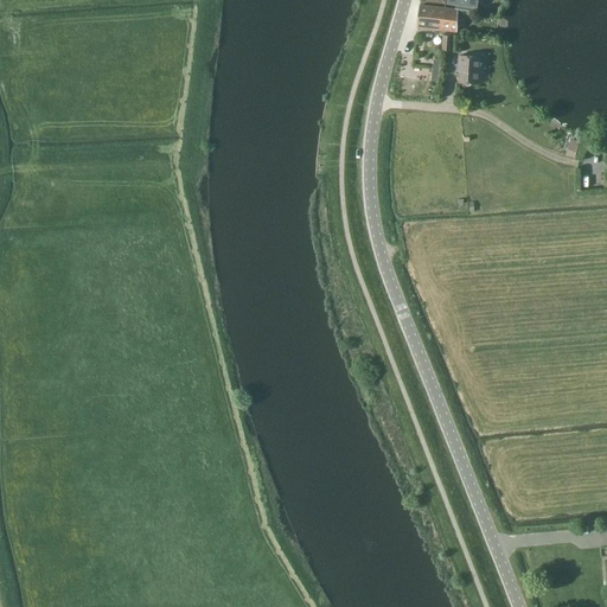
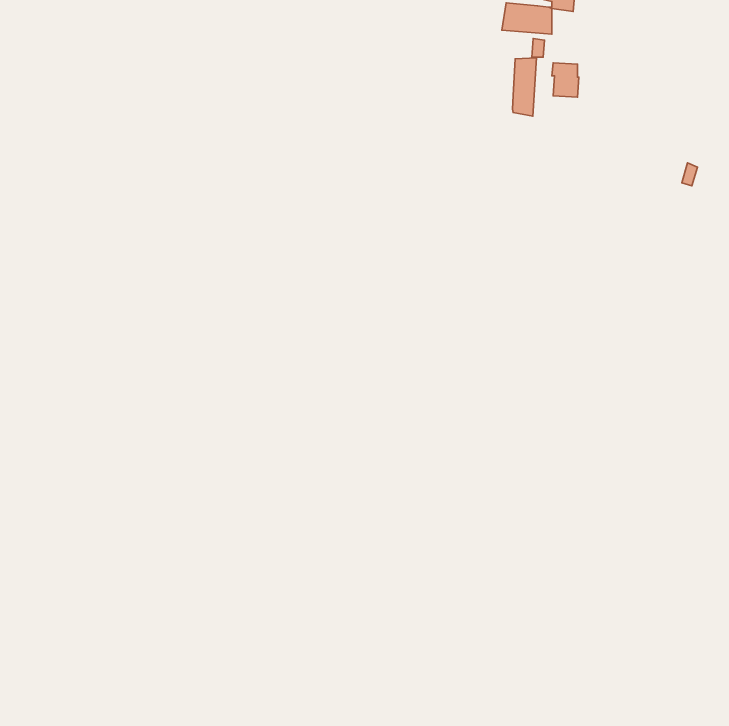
building: none -> [513,58,536,116]

